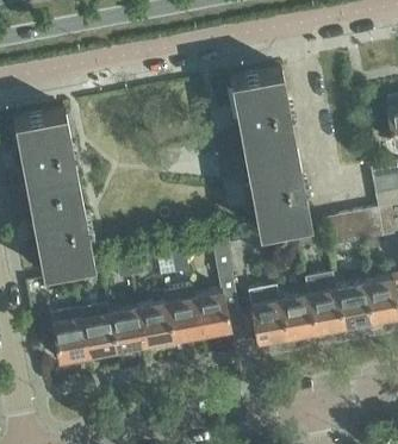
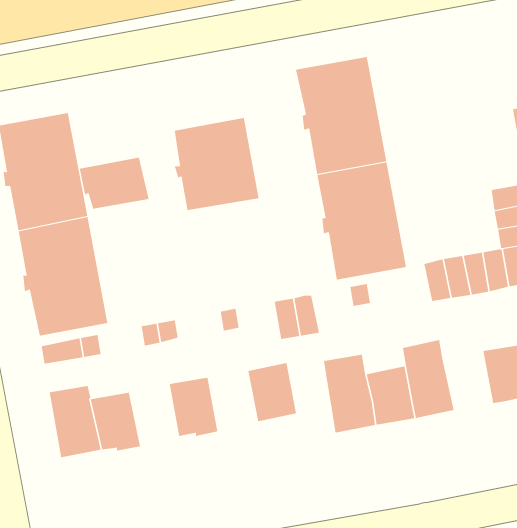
building: none -> [174,117,259,211]
building: none -> [79,157,149,210]
building: [336,283,372,326] -> none
building: [166,298,201,342] -> none
building: [108,307,144,352] -> none

